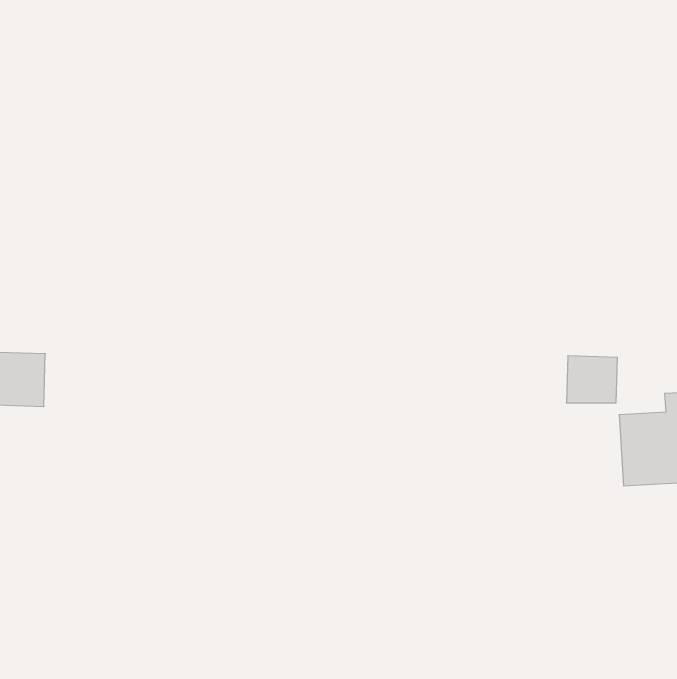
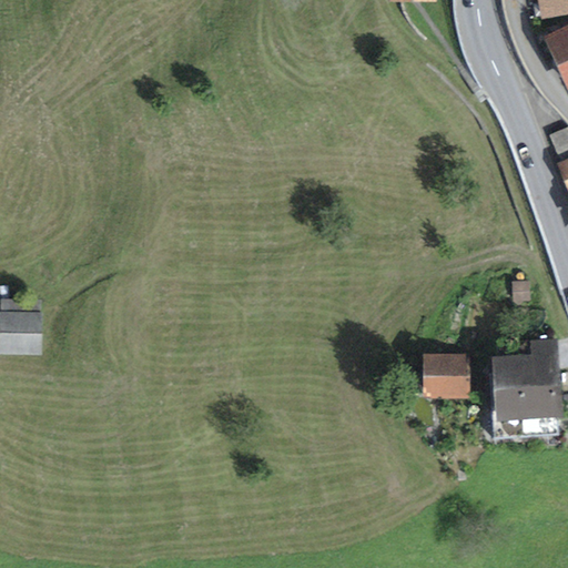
building: [566,356,617,403] -> [423,357,463,394]

